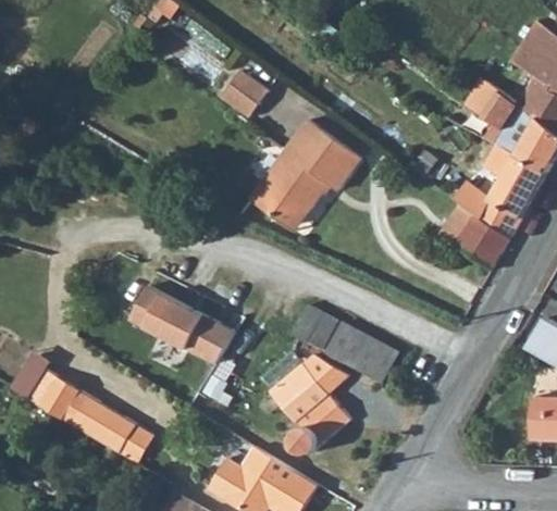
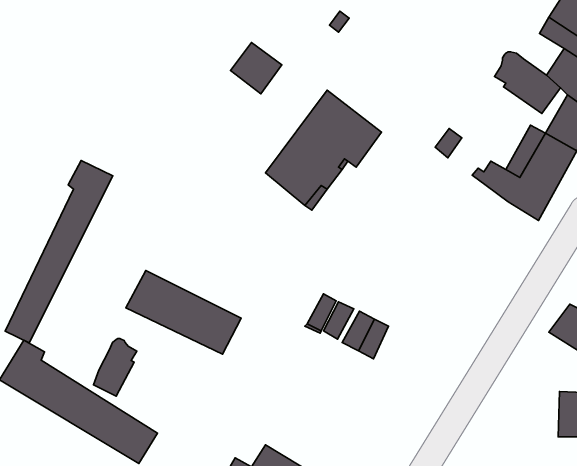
building: none -> [5,161,113,343]
building: [449,204,510,270] -> none
building: [356,336,398,381] -> none
building: none -> [93,339,137,396]
building: [272,353,349,452] -> none

